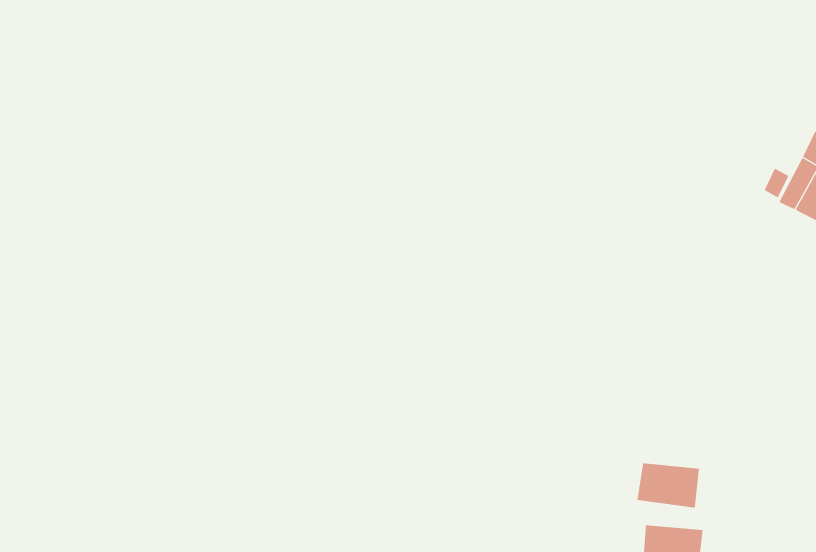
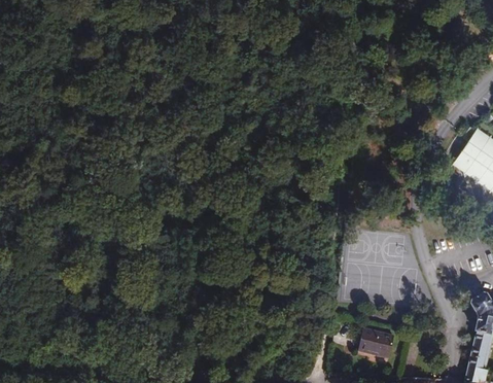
building: [637,462,700,509] -> none

